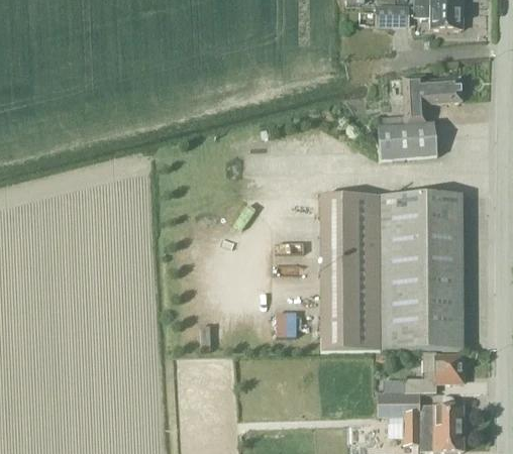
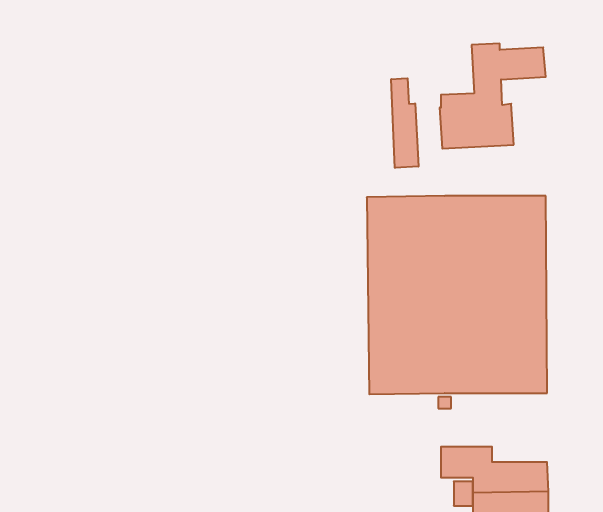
building: none -> [391,78,418,168]
building: [385,351,464,391] -> none

